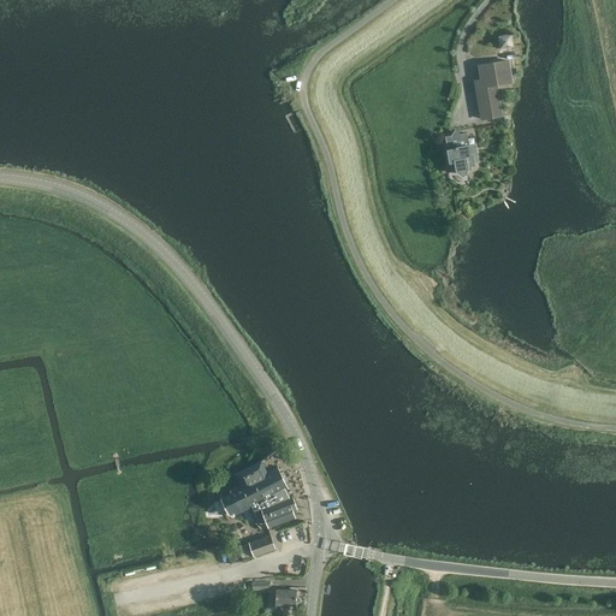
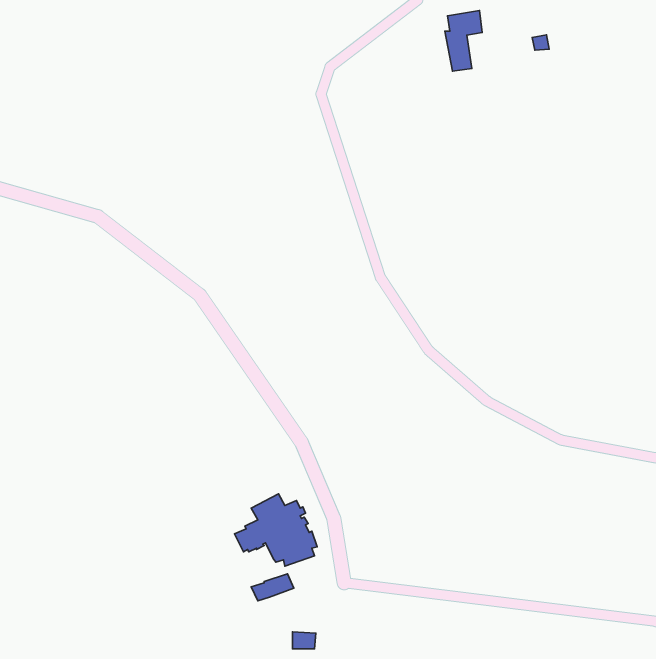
building: [474,61,509,118] -> [445,11,482,71]
building: [444,134,474,177] -> none

